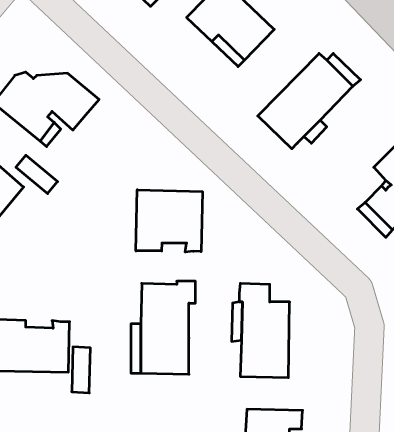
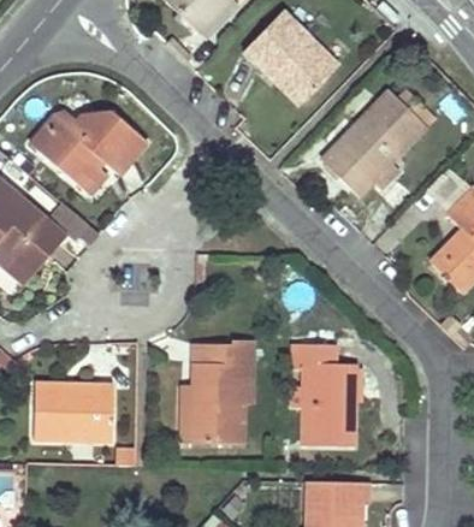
building: [136,190,202,252] -> none

